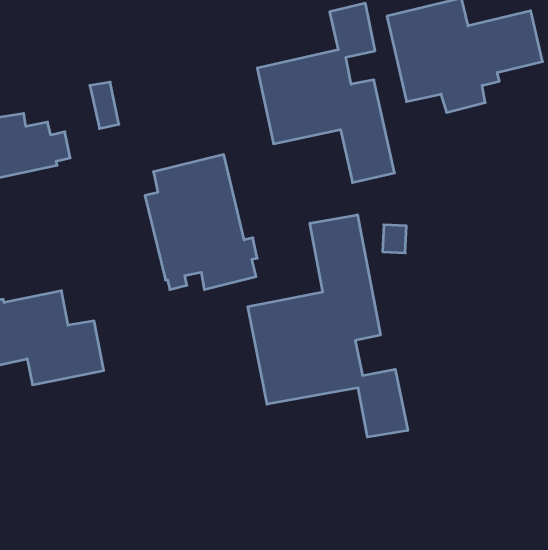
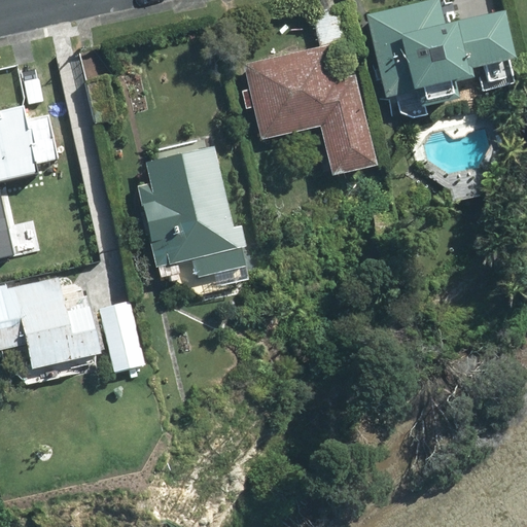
building: [248,215,408,437] -> none
building: none -> [97,303,142,371]

